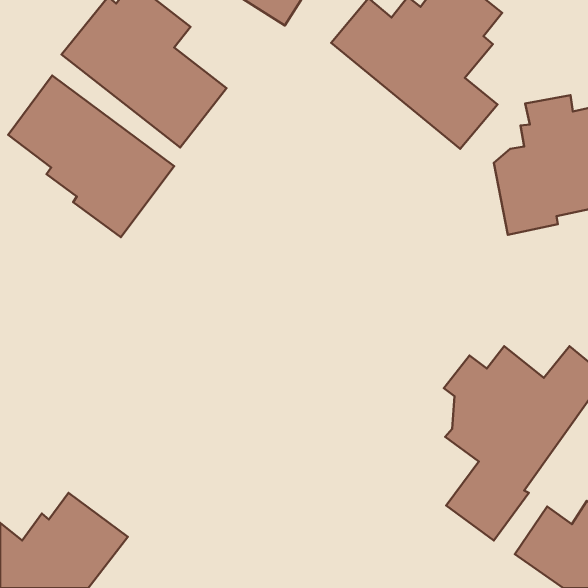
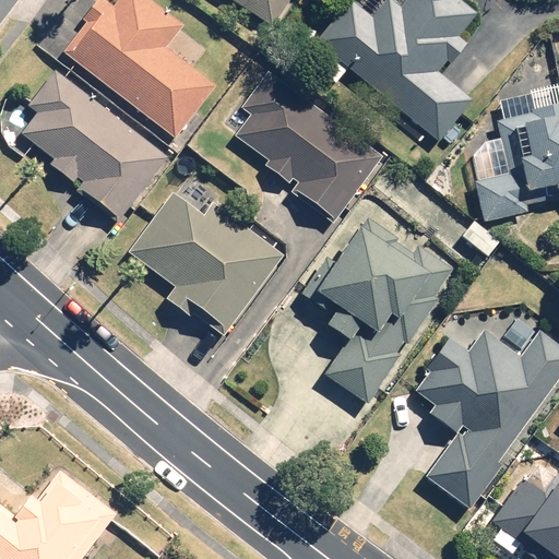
building: none -> [235,72,382,221]
building: none -> [128,191,285,330]
building: none -> [311,215,457,404]

